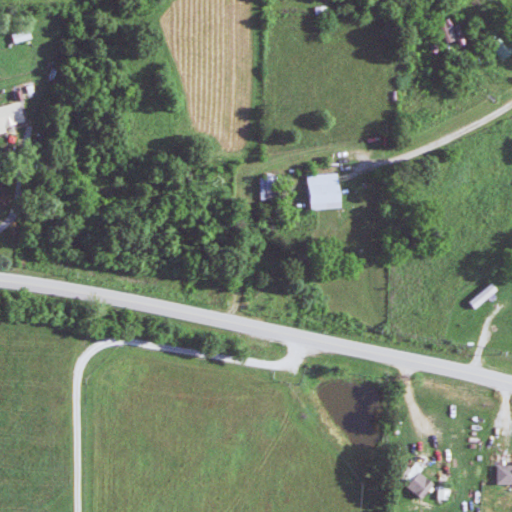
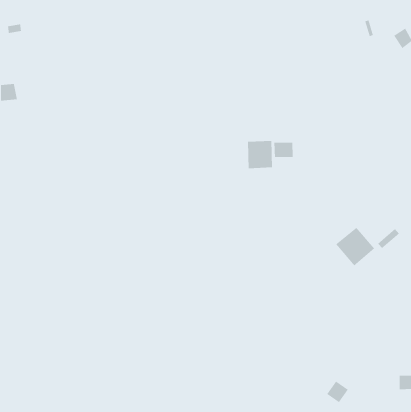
building: none -> [274,142,294,158]
building: none -> [335,227,375,266]

